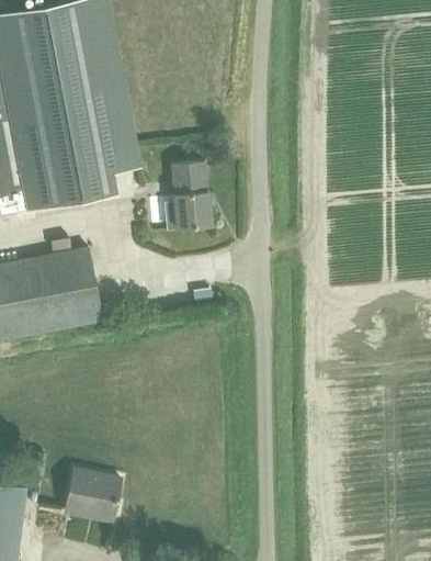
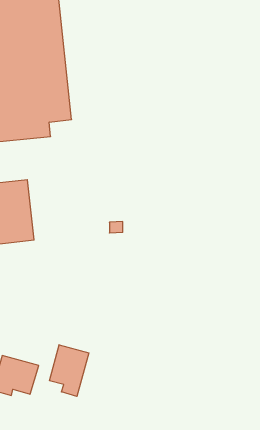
building: [149,162,209,229] -> none
building: none -> [50,345,89,396]

